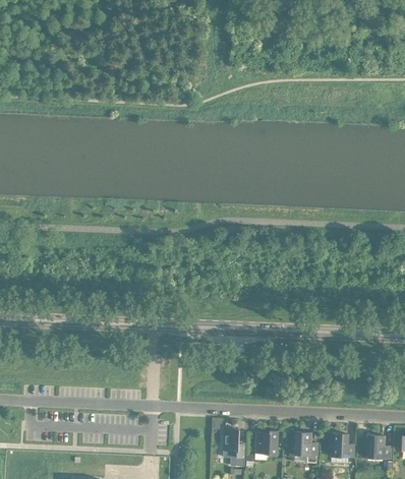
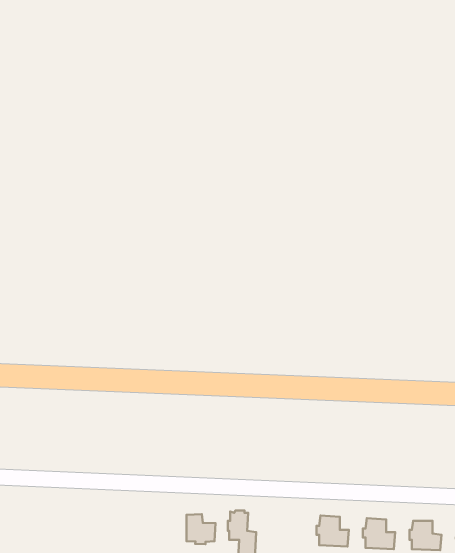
building: [255,430,278,457] -> none
building: none -> [186,514,216,544]

